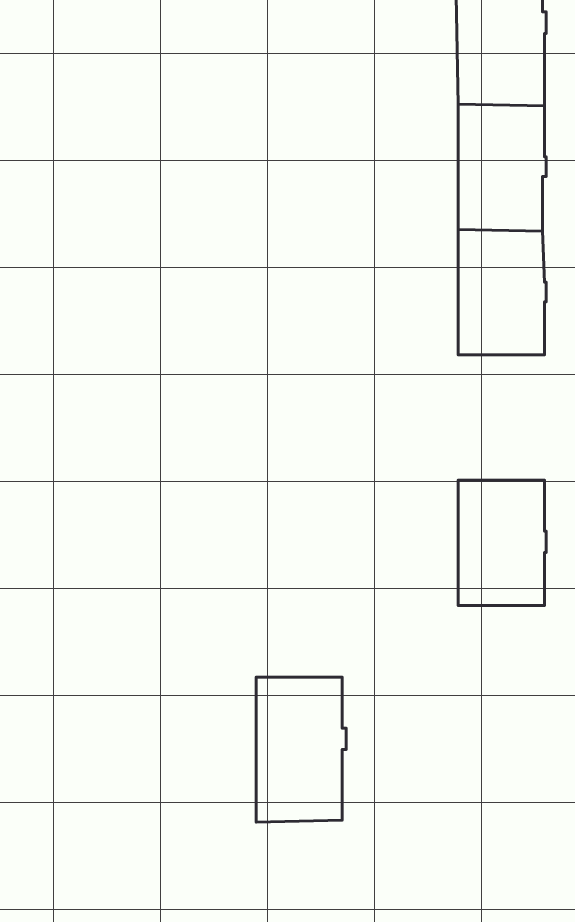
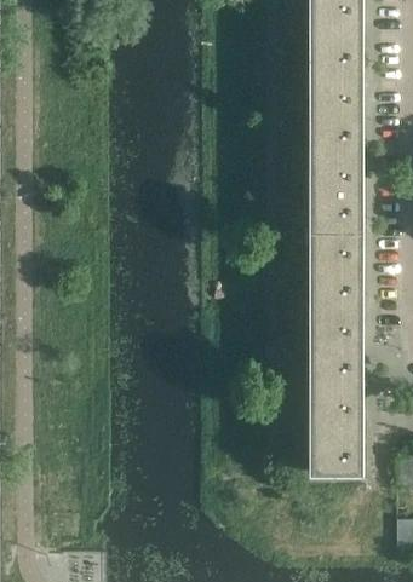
building: none -> [309,223,365,300]
building: [256,677,346,822] -> [309,378,365,467]

